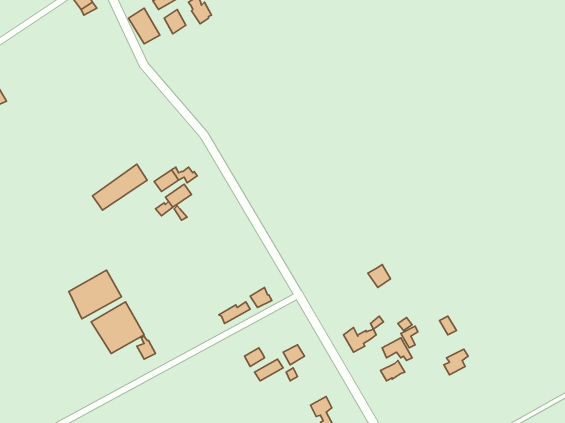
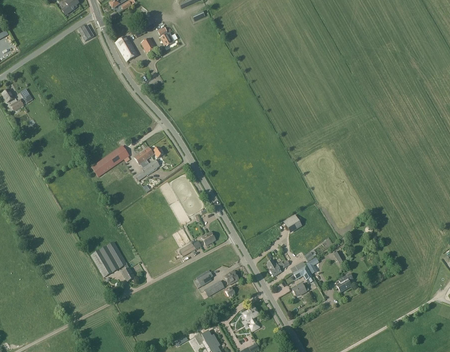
building: [69,270,122,319] -> none

